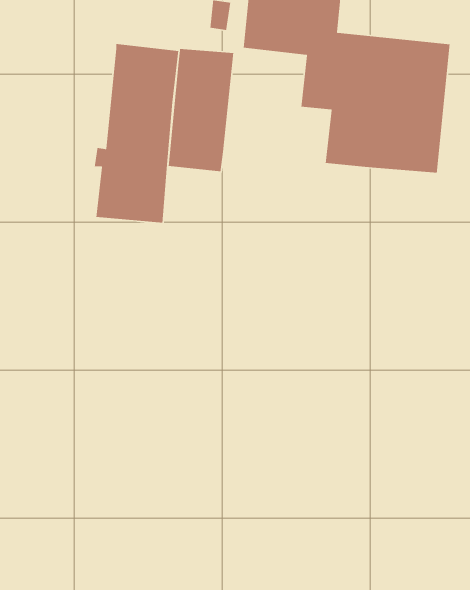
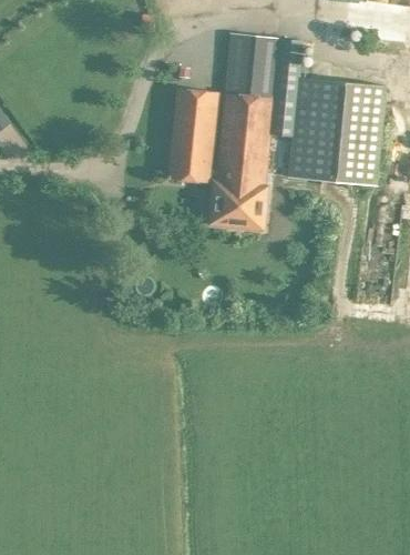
building: [94,43,179,223] -> [208,89,274,228]

